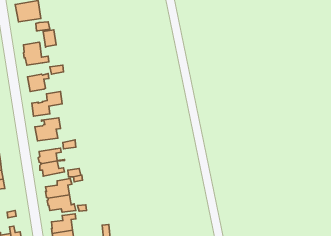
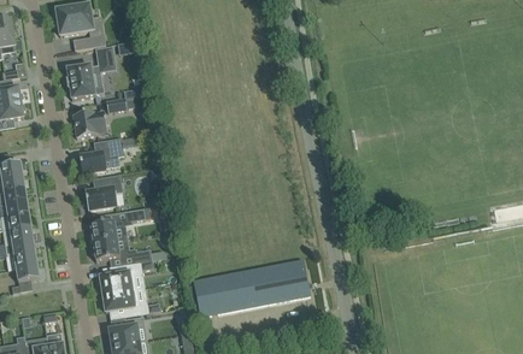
building: none -> [193,258,310,315]

